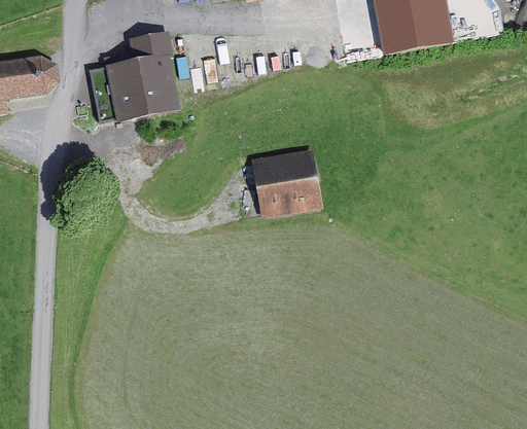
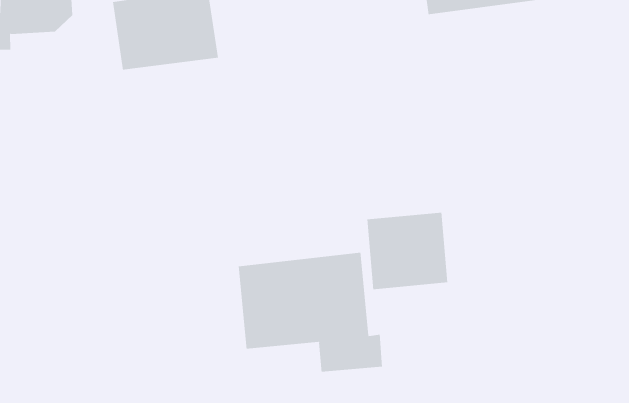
building: [253,149,322,215] -> [366,212,448,290]
building: none -> [238,252,382,372]

